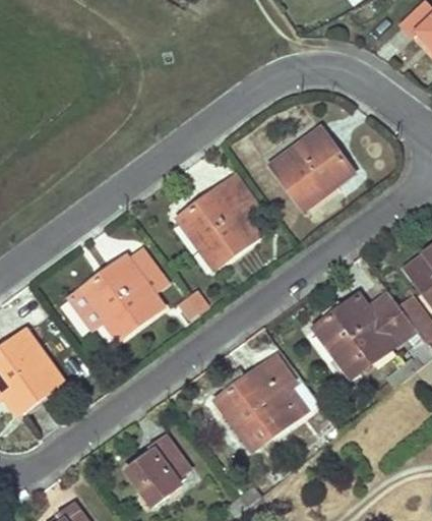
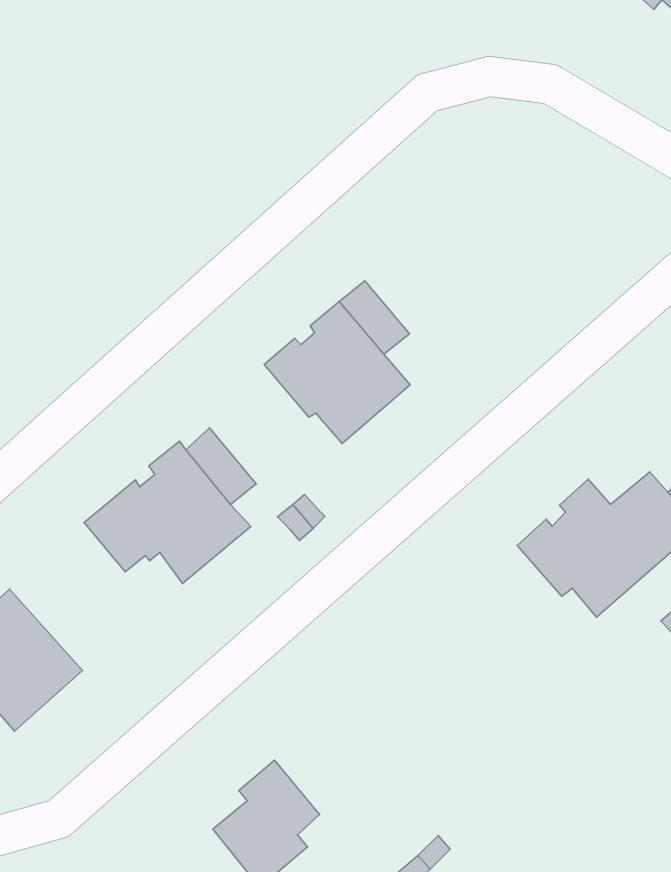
building: [272,126,353,200] -> none
building: [217,357,297,444] -> none

